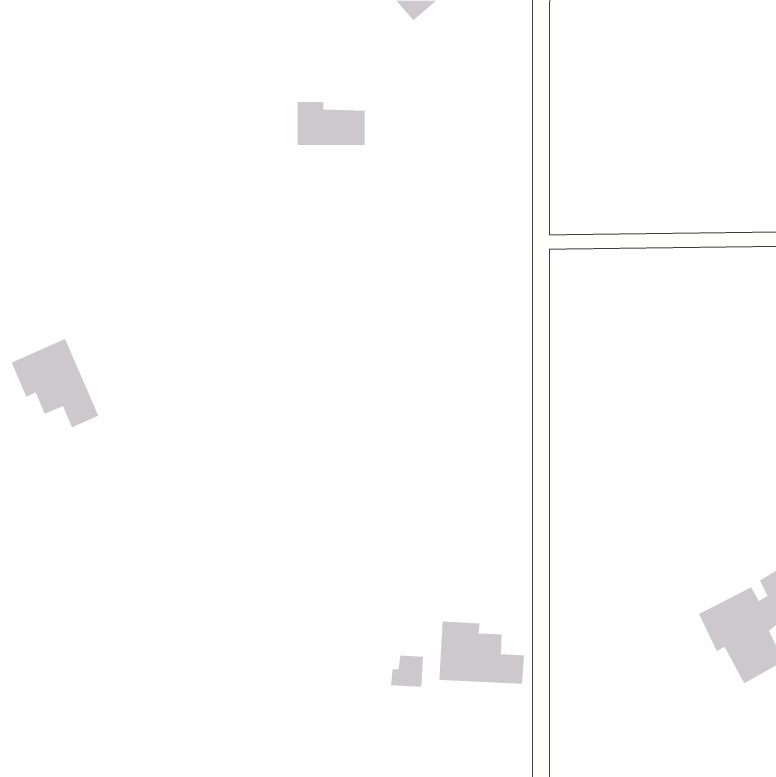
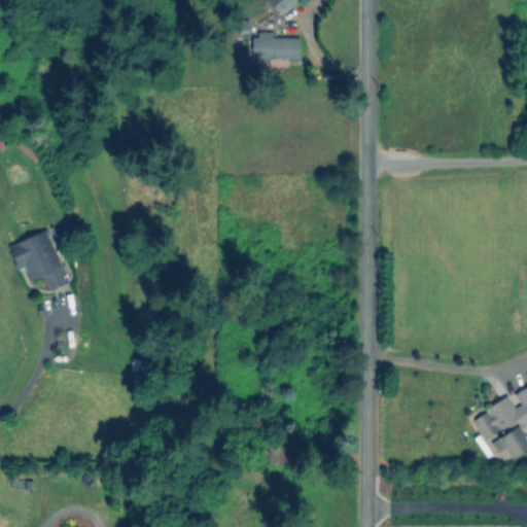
building: [297,101,365,146] -> [254,32,301,62]
building: [439,621,524,685] -> none

